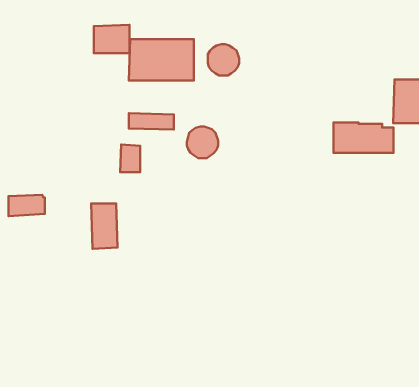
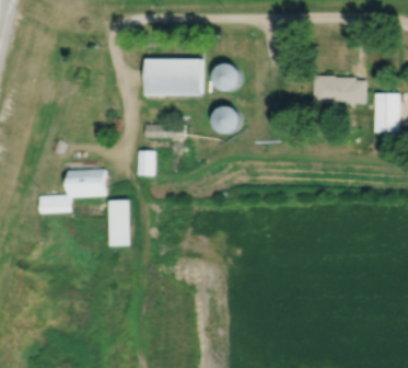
building: [94,25,129,53] -> none
building: [333,123,393,153] -> [313,76,365,102]
building: [187,127,218,158] -> [212,105,240,133]
building: none -> [67,169,106,196]

